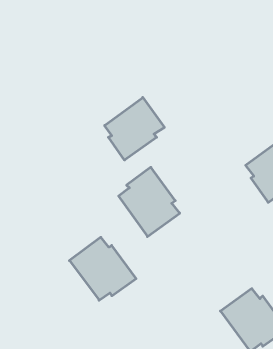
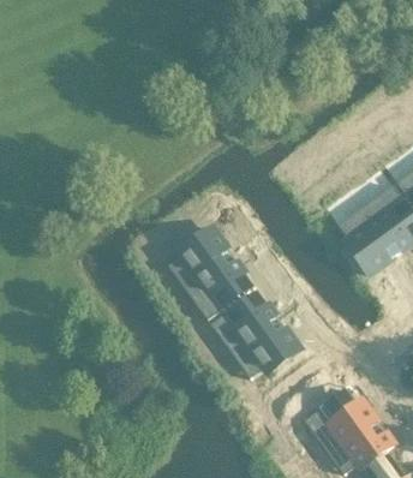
building: [105,97,164,160] -> none
building: [69,237,136,300] -> [210,292,299,376]

